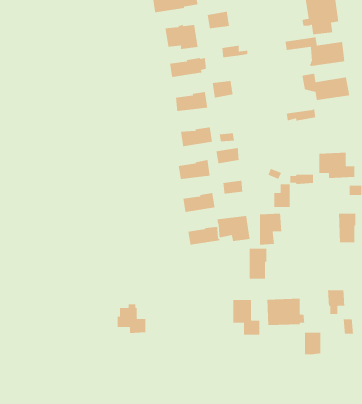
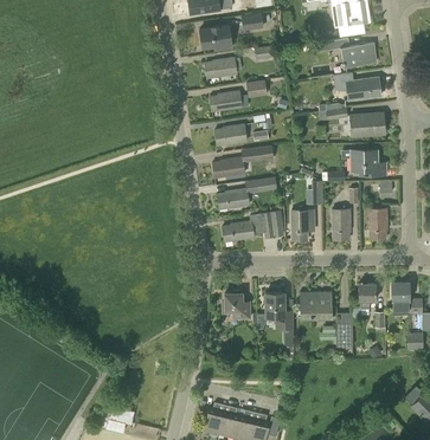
building: none -> [351,111,385,135]
building: [249,248,267,279] -> [333,208,351,239]
building: [117,304,146,334] -> [223,289,251,318]

